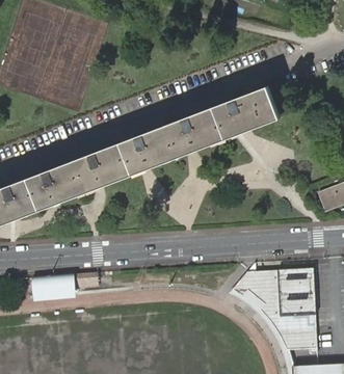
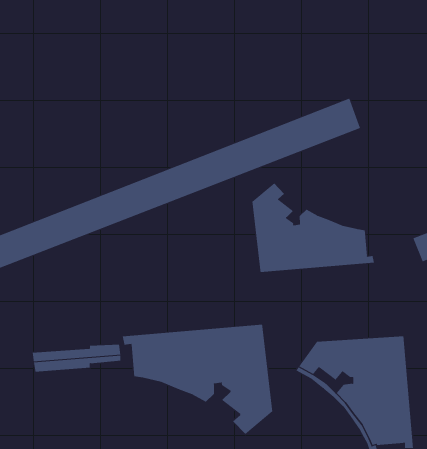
building: none -> [252,183,375,273]
building: none -> [122,324,273,435]

